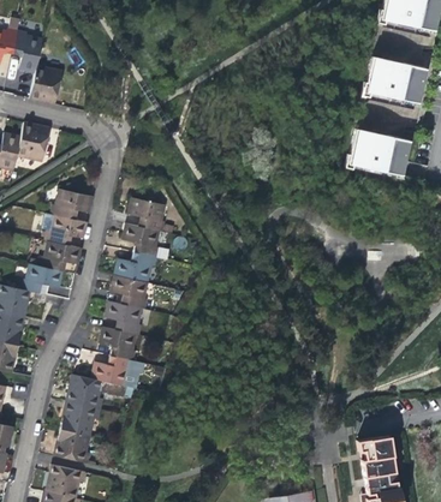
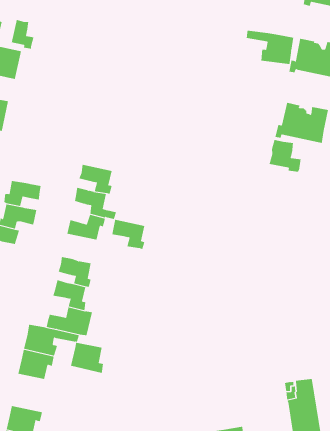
building: none -> [11,19,34,50]
building: none -> [246,30,294,65]
building: none -> [269,139,301,173]
building: [54,189,95,219] -> none
building: [112,275,149,309] -> [111,219,145,250]
building: [55,430,93,465] -> [70,342,104,374]

